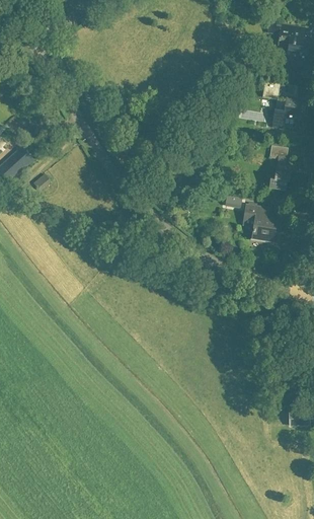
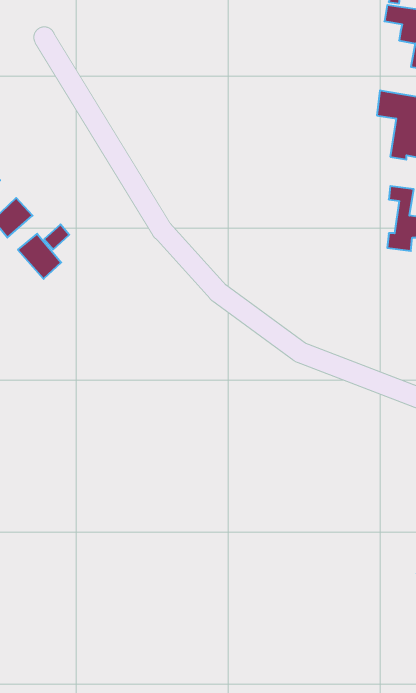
building: none -> [18,234,61,279]
building: [242,206,278,242] -> none

